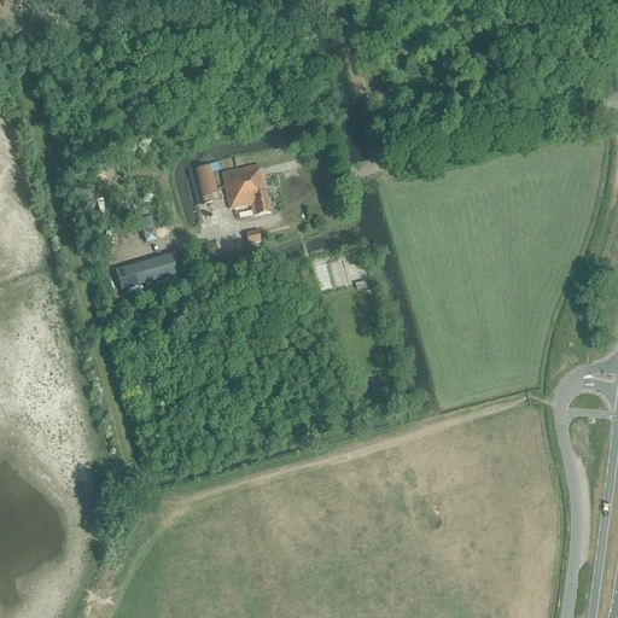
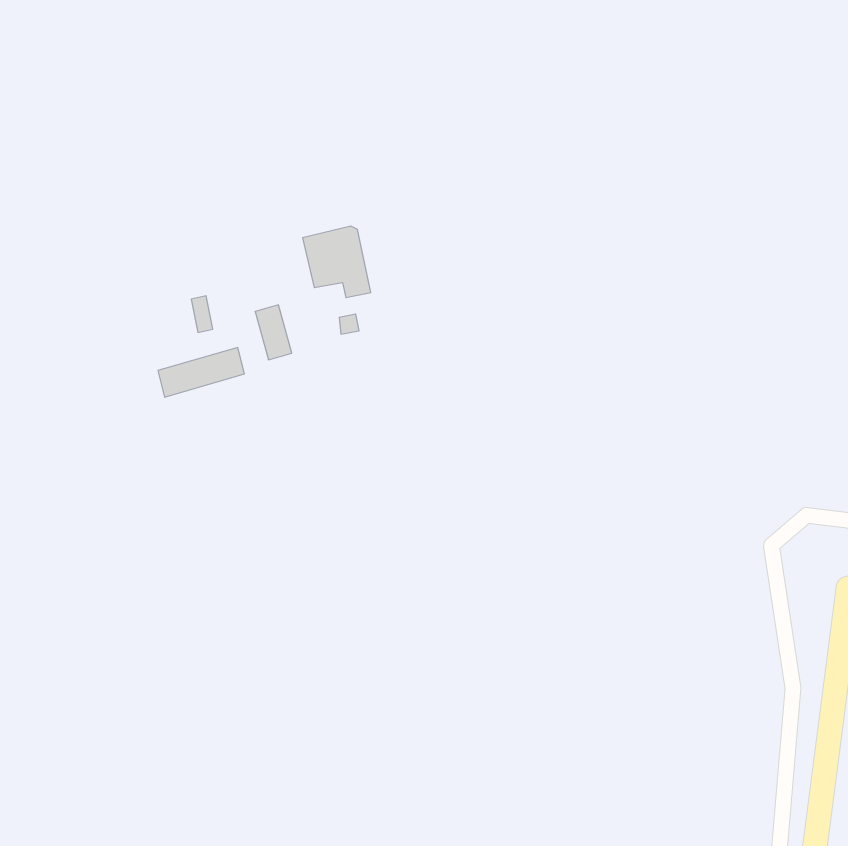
building: [192,163,218,203] -> [255,305,292,360]

